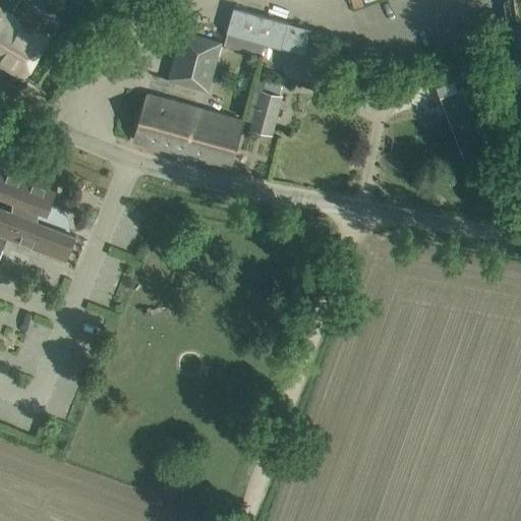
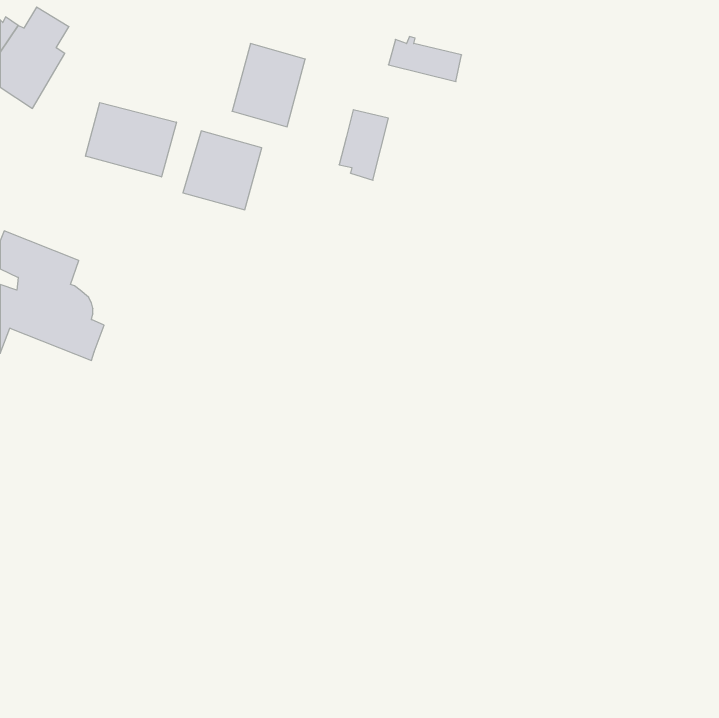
building: [223,8,288,57] -> none
building: none -> [86,103,176,177]
building: [177,108,243,169] -> none

